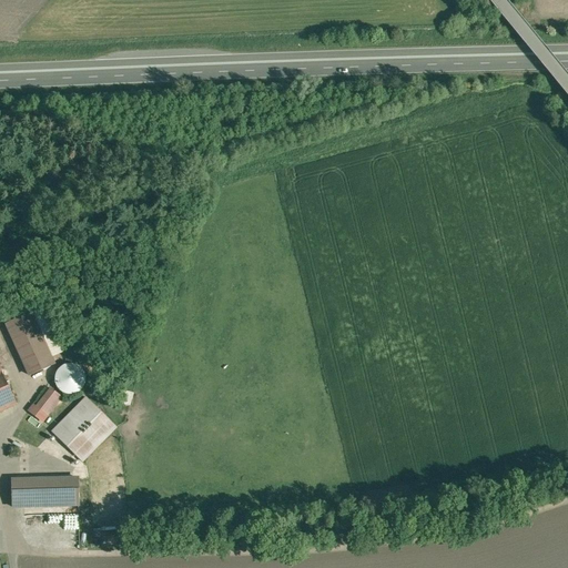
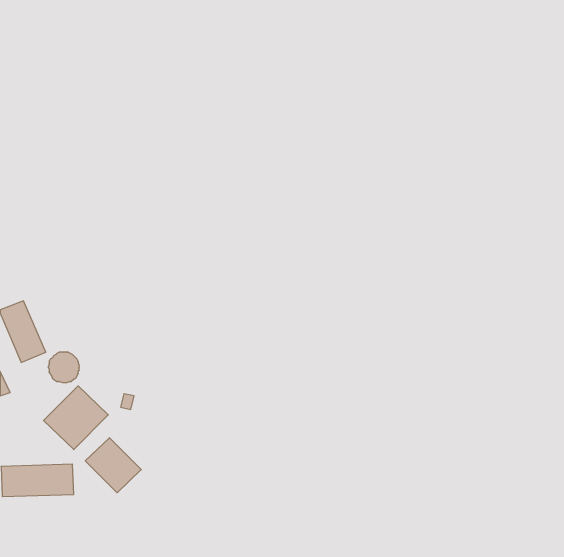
building: [27,386,60,420] -> none
building: none -> [85,438,141,493]

